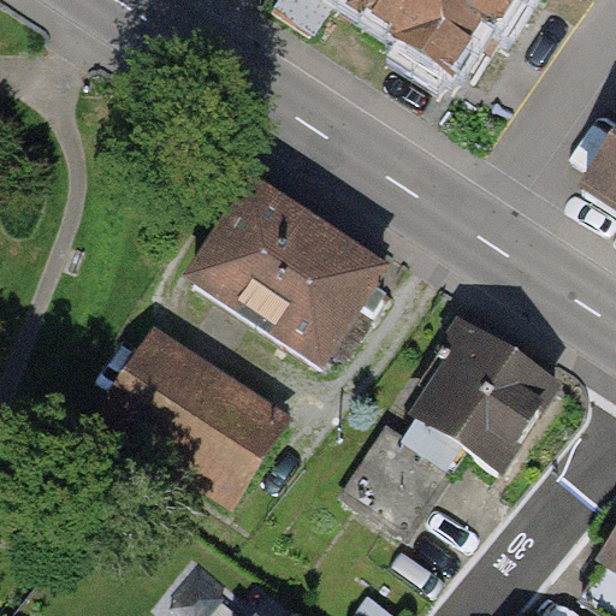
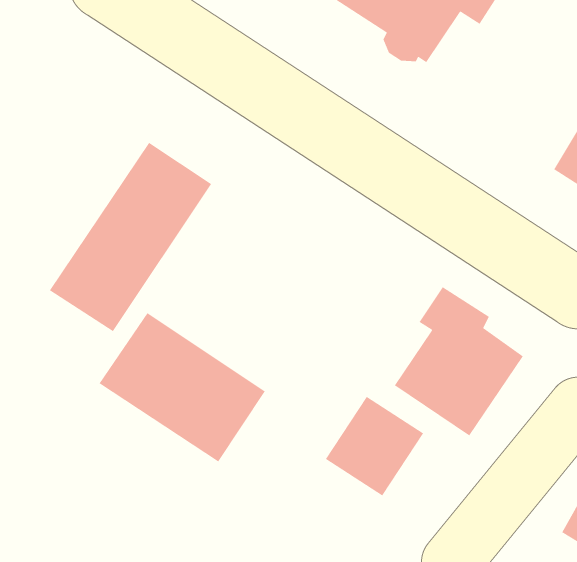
building: none -> [49,142,212,332]
building: [196,180,385,356] -> none

